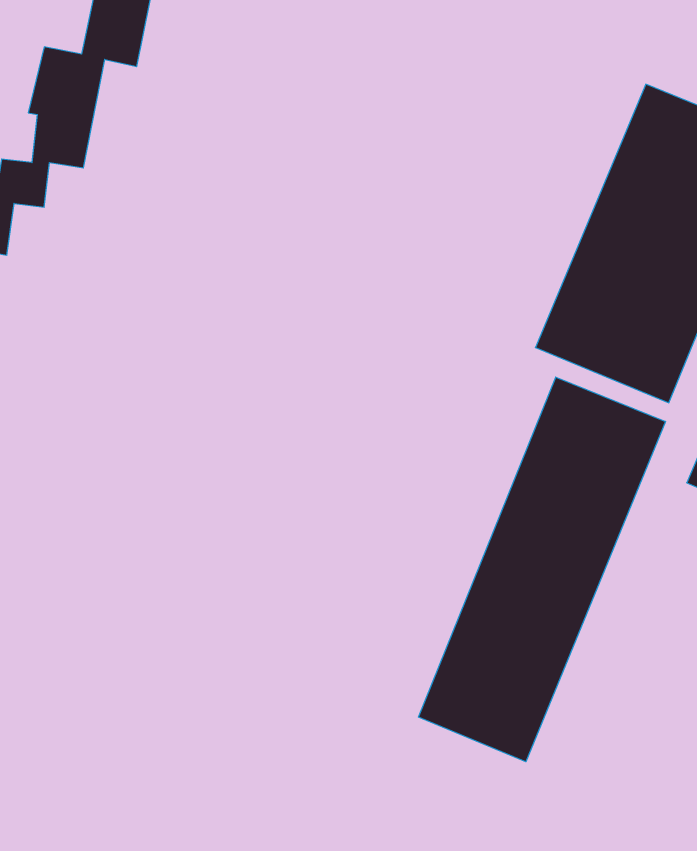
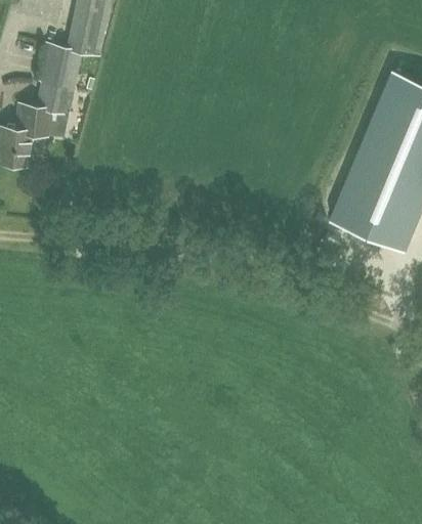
building: [419,377,665,762] -> none

